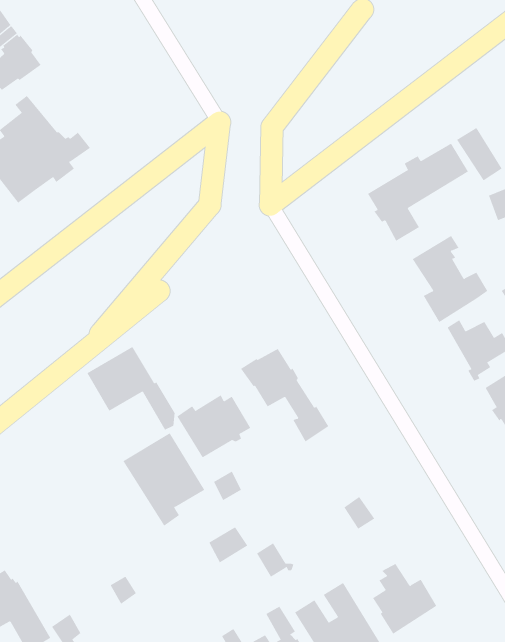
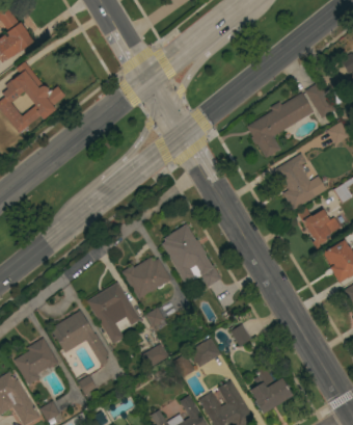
building: [87,346,176,431] -> [51,311,109,366]
building: none -> [15,338,59,386]
building: none -> [190,338,221,368]

